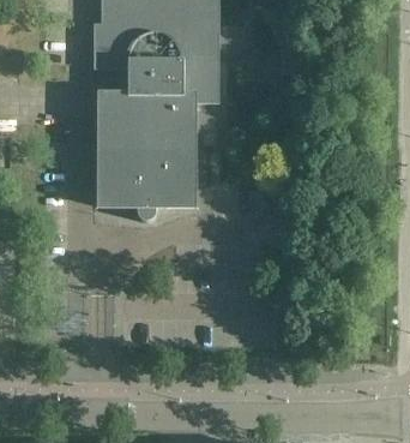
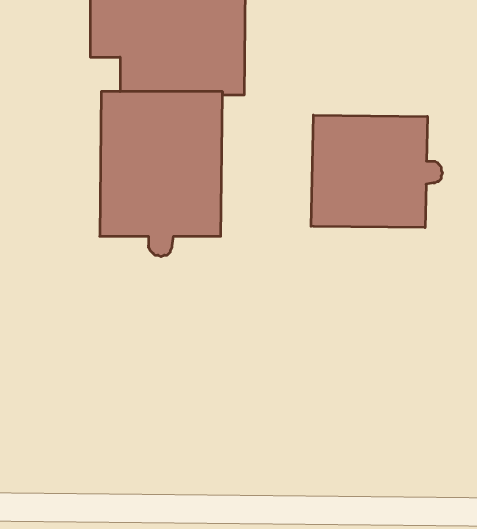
building: none -> [311,115,442,228]

